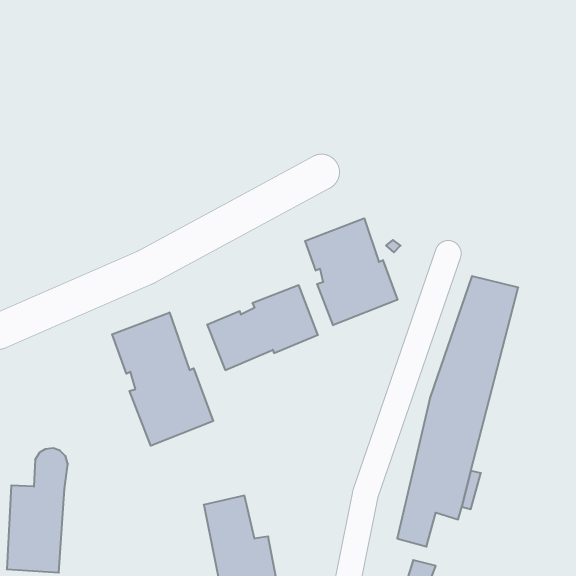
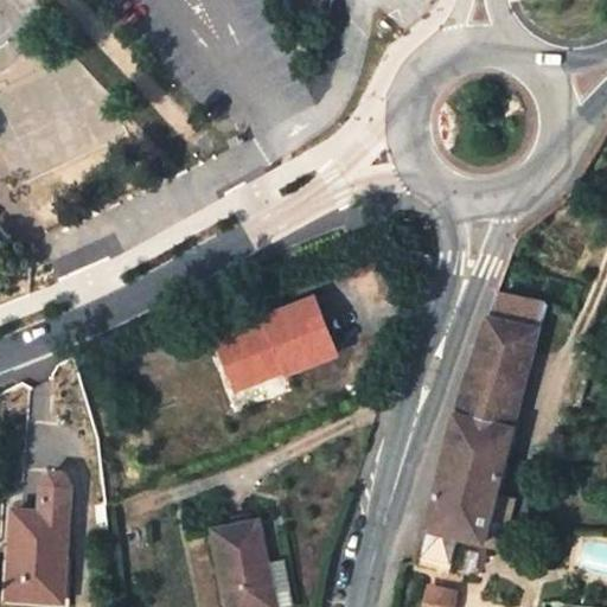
building: [305,218,397,325] -> none
building: [112,312,213,446] -> none

